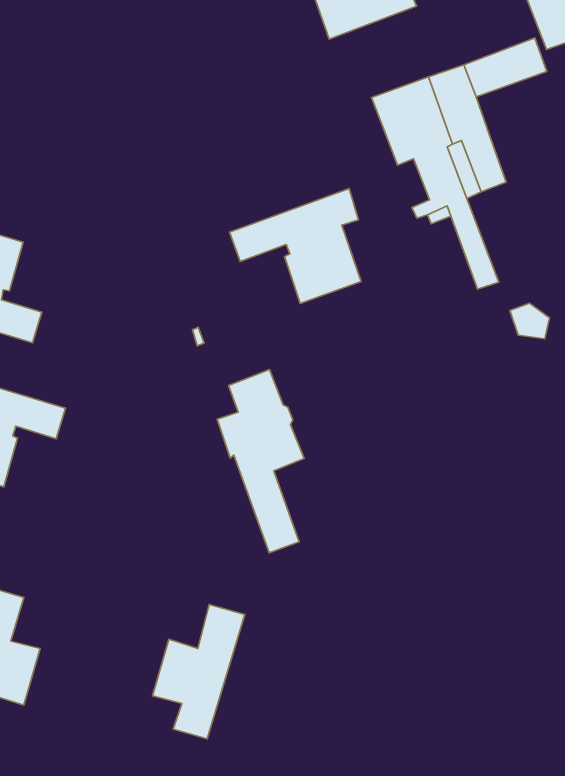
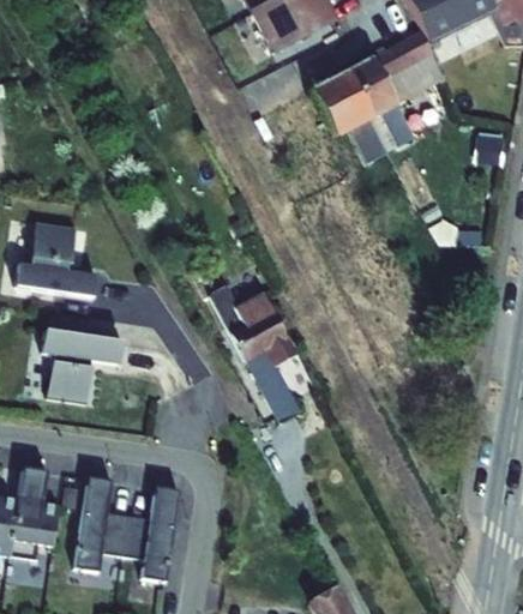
building: none -> [384,53,443,103]
building: [229,188,361,303] -> none
building: [153,604,245,739] -> [122,486,180,582]

